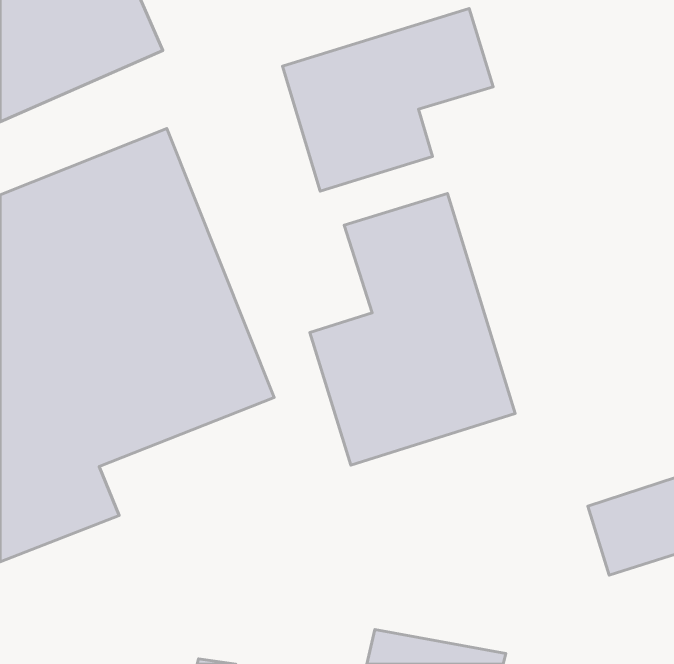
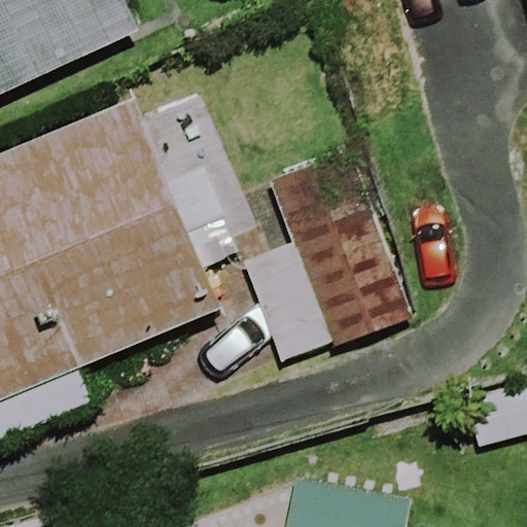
building: [283,9,493,191] -> none

